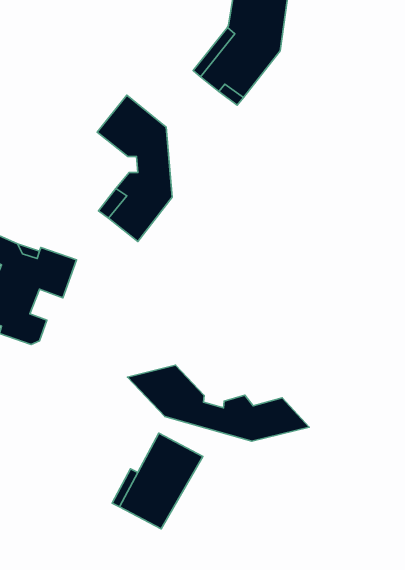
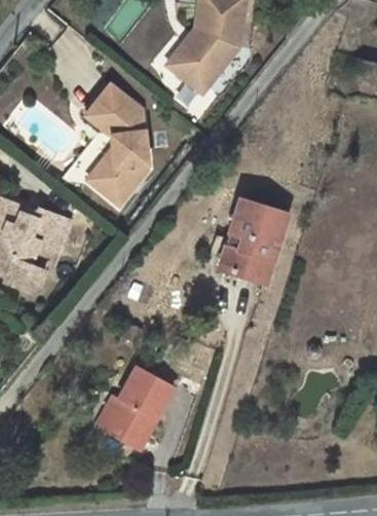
building: none -> [220,197,289,282]
building: [128,365,309,441] -> none

